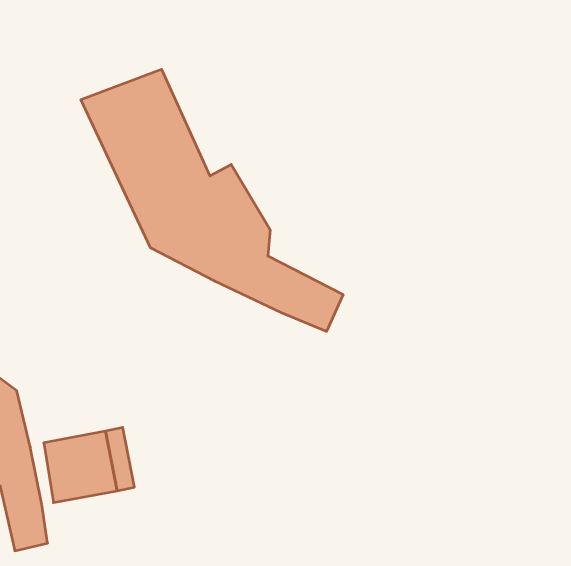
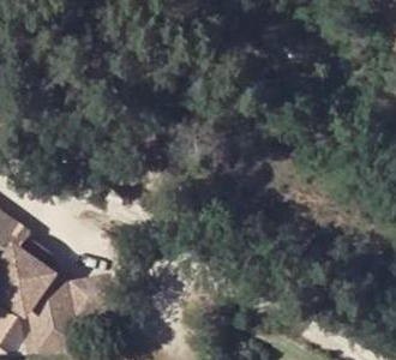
building: [81,69,343,331] -> none

